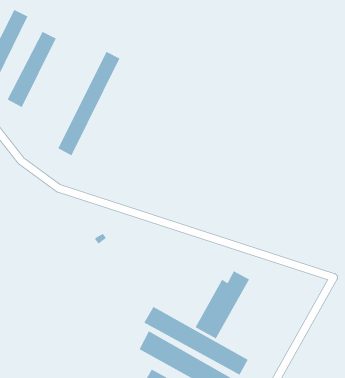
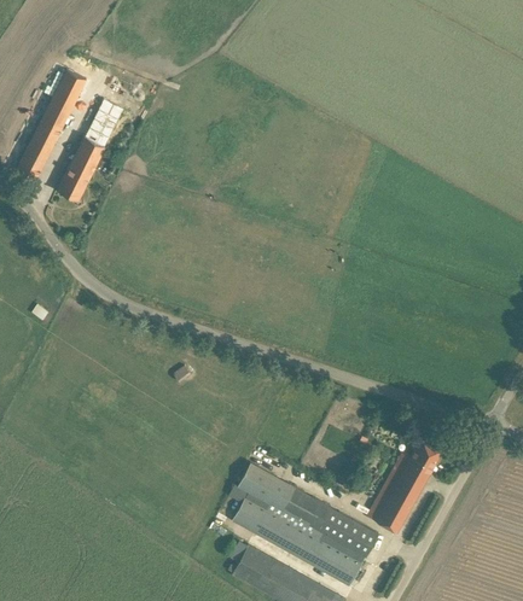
building: [57,51,120,157] -> none
building: [194,270,250,339] -> [368,439,442,531]

